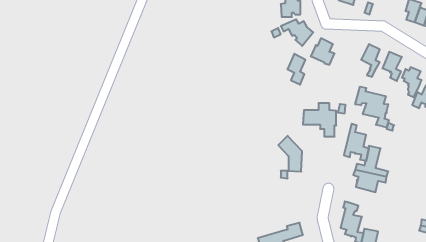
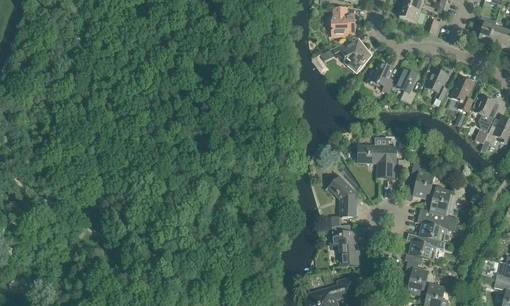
building: [287,54,305,85] -> [397,67,418,103]
building: [355,87,389,128] -> none
building: none -> [330,229,358,264]
building: none -> [407,231,446,258]

